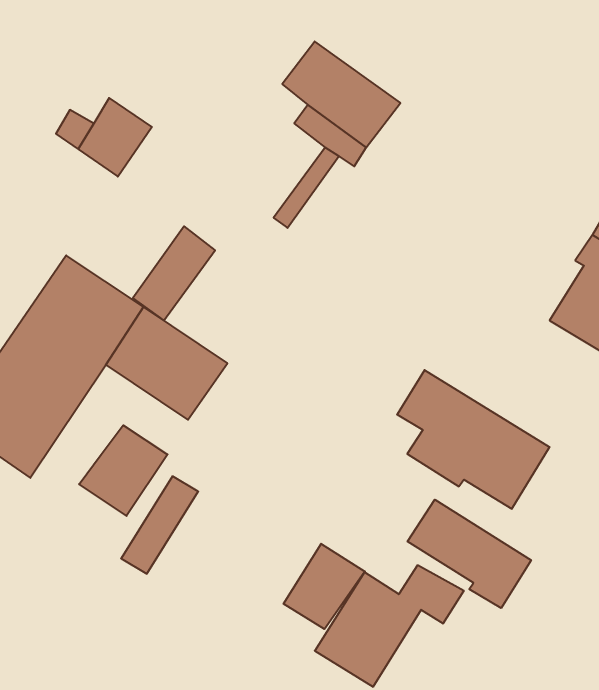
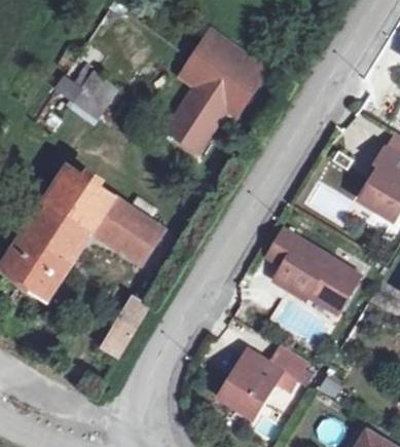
building: [133,226,215,320] -> [173,84,222,141]
building: [79,425,168,516] -> none
building: [408,500,531,608] -> none
building: [284,544,365,629] -> none

